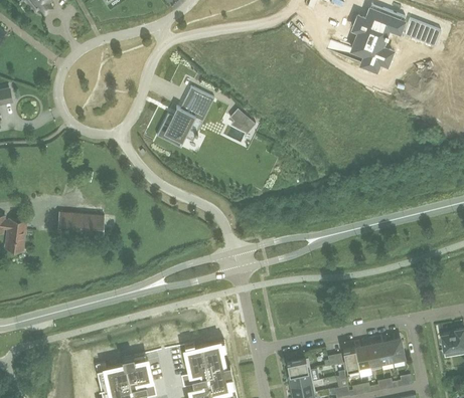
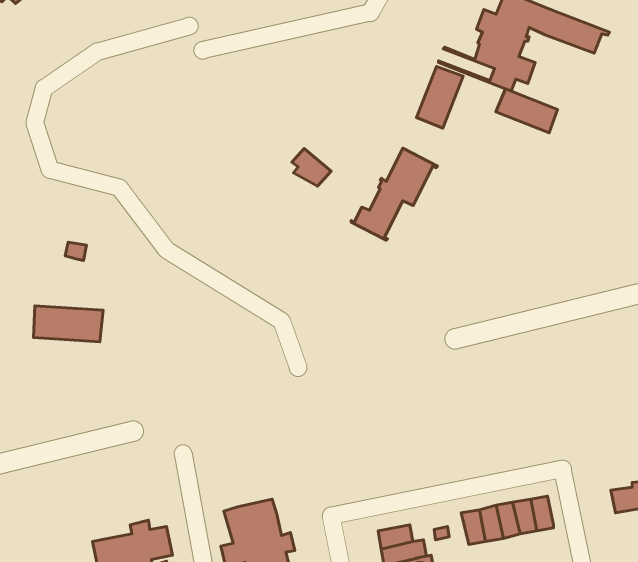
building: none -> [417,67,463,128]
building: none -> [496,89,558,133]
building: [157,87,214,149] -> [351,148,437,240]

